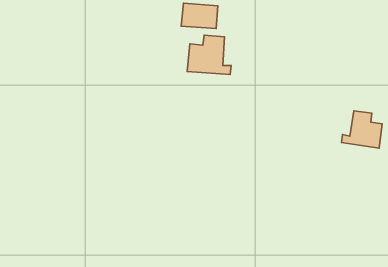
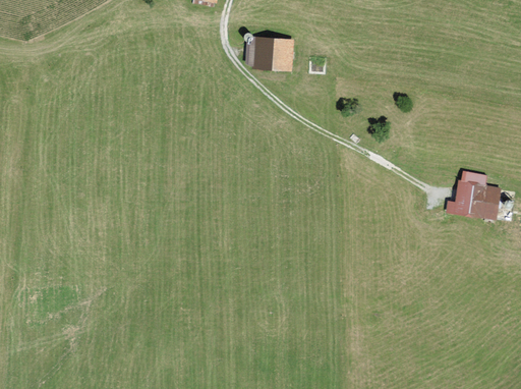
building: [187,35,231,75] -> none

